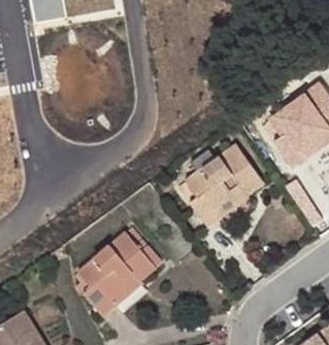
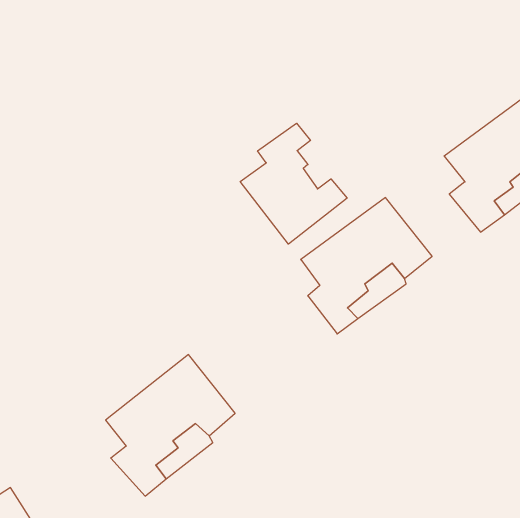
building: none -> [240,123,347,244]

